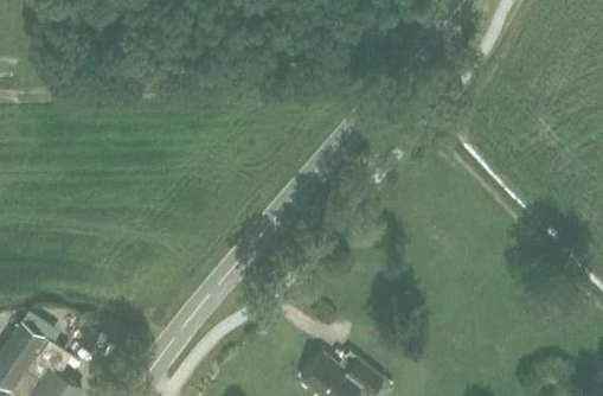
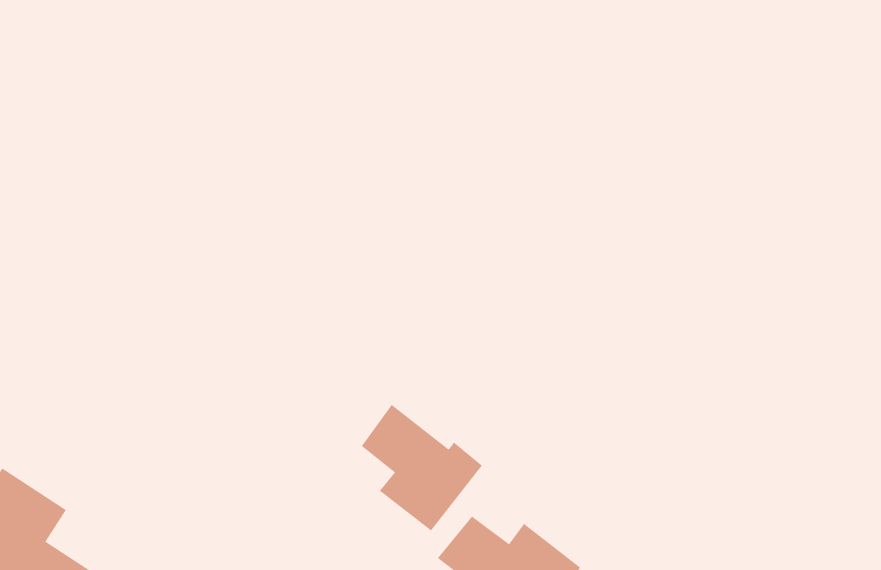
building: none -> [361,404,483,531]

